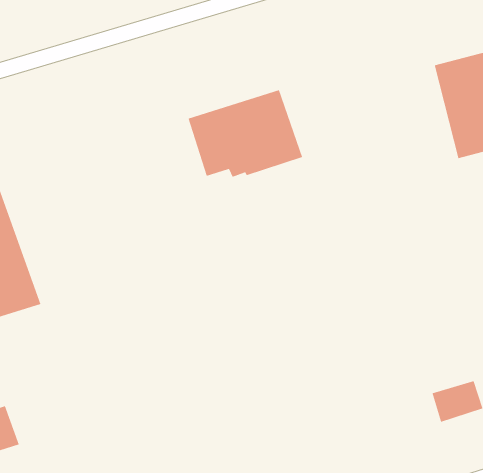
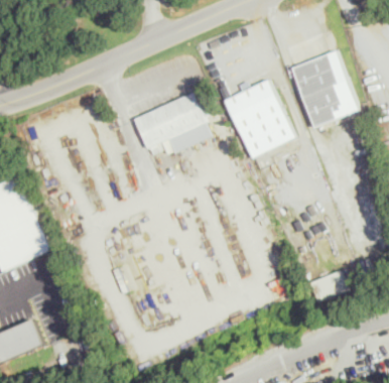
building: none -> [225,79,295,158]

